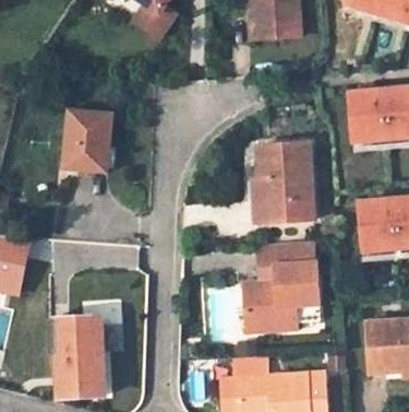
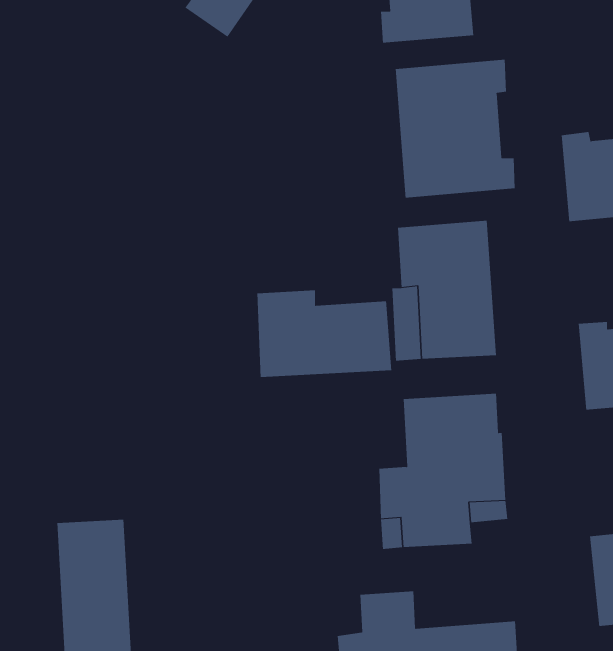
building: none -> [395,59,515,198]
building: [62,110,111,170] -> none
building: none -> [257,289,392,378]

